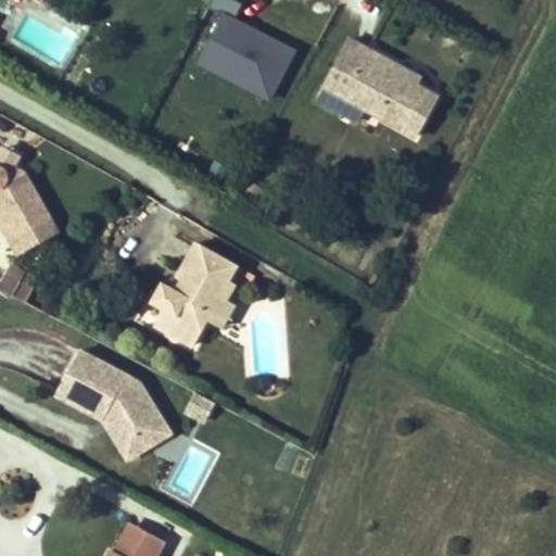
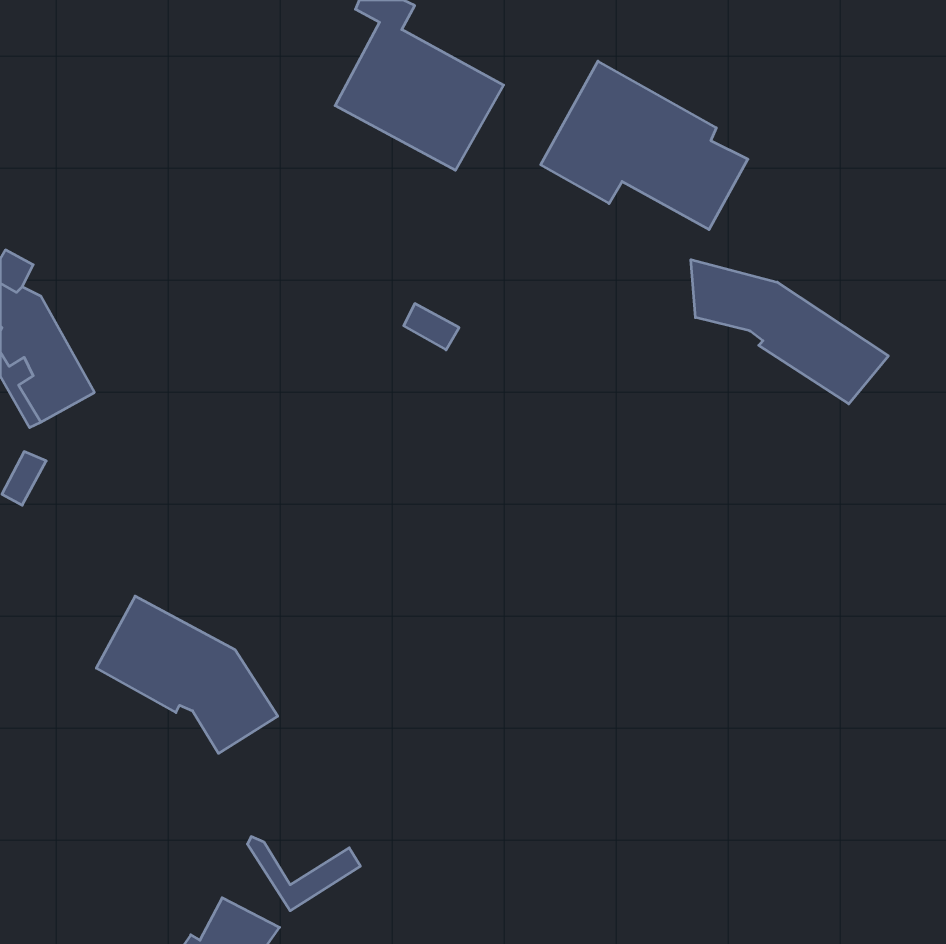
building: none -> [691,260,888,404]
building: [150,244,235,348] -> none
building: [103,415,169,458] -> [247,837,360,911]

